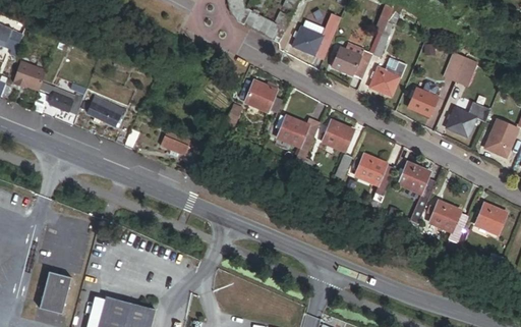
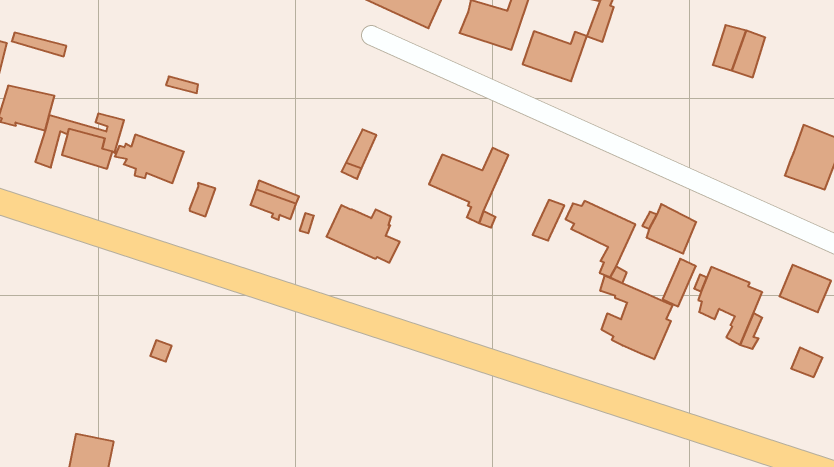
building: [368,57,405,97] -> none
building: [236,77,280,114] -> [326,205,400,263]
building: [405,88,438,117] -> none
building: [446,101,490,137] -> none
building: [321,119,350,148] -> none
building: none -> [600,275,672,359]

